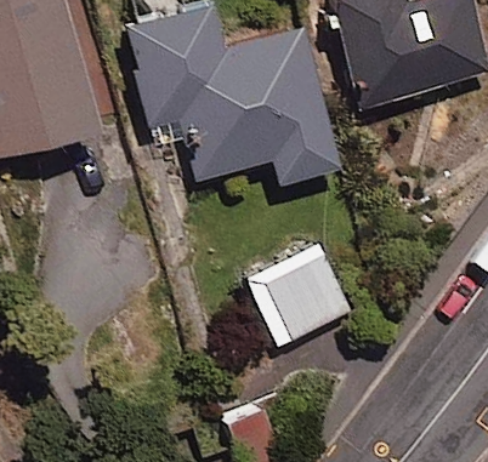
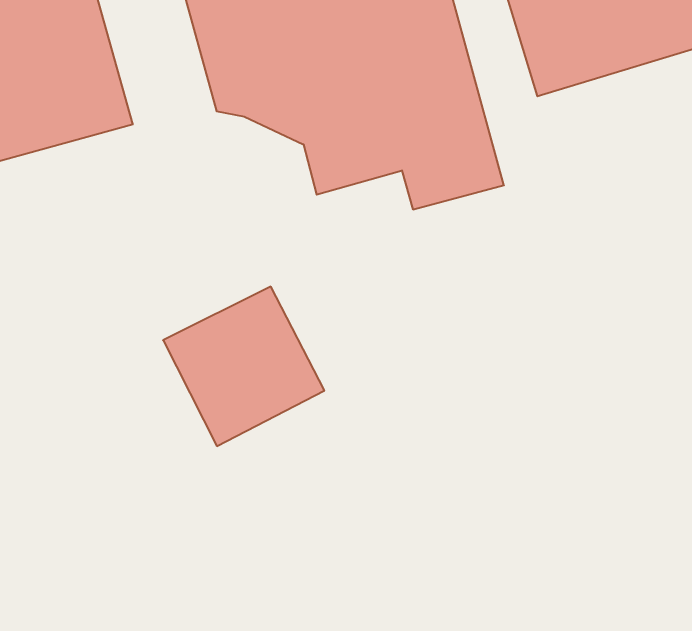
building: [245,241,351,346] -> [163,287,324,446]

